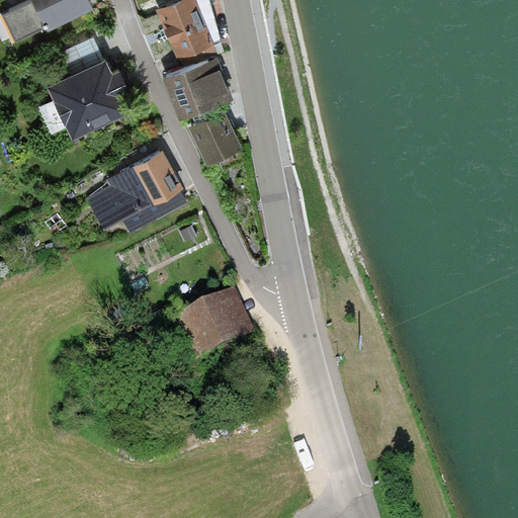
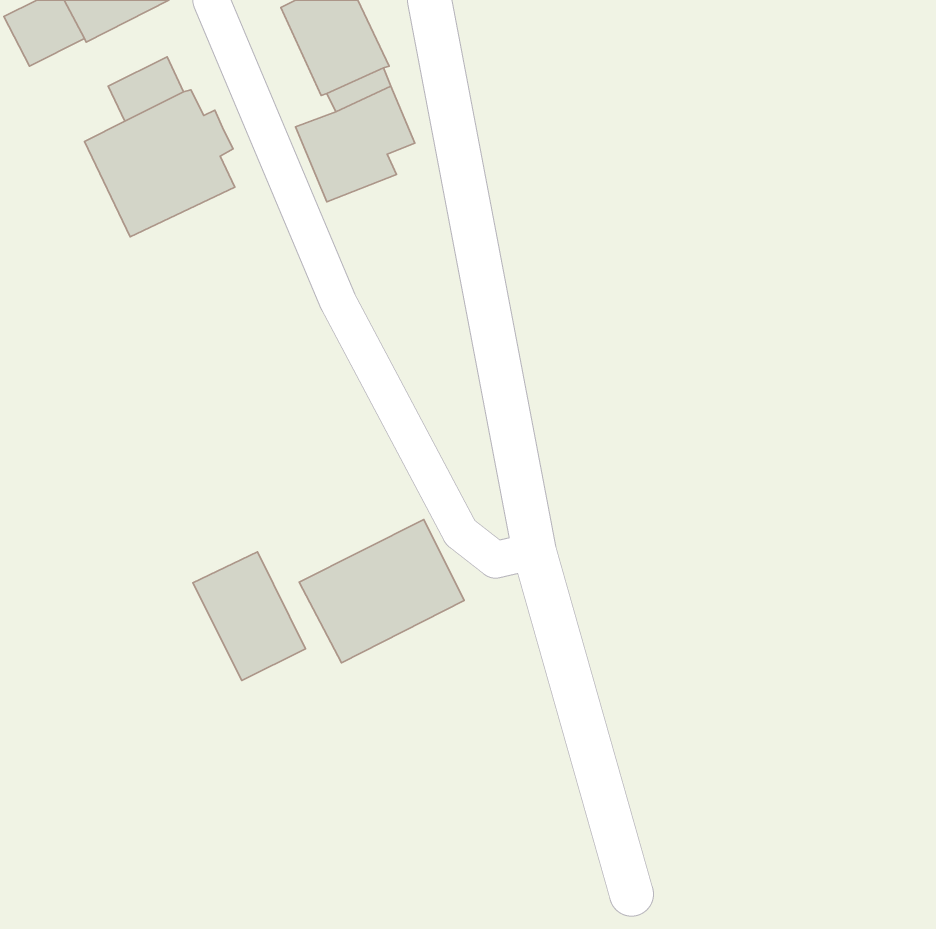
building: [187,108,242,163] -> none
building: [87,148,187,235] -> none
building: none -> [193,552,305,681]

